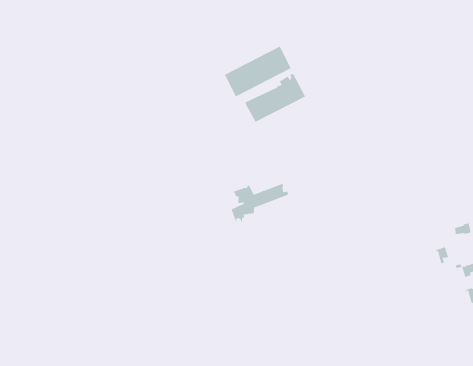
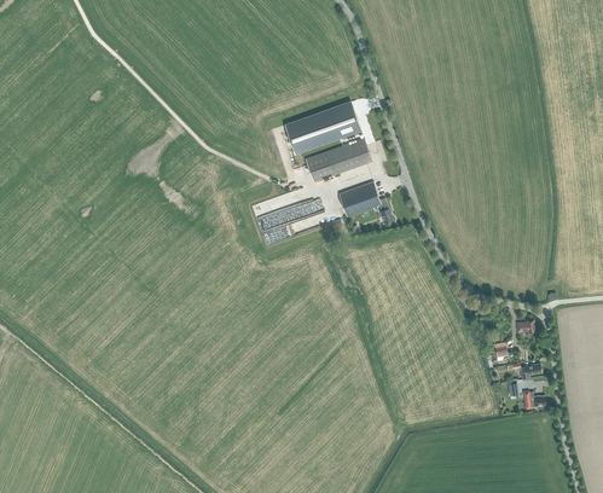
building: none -> [337,181,393,224]
building: [230,183,289,226] -> [259,196,324,239]

